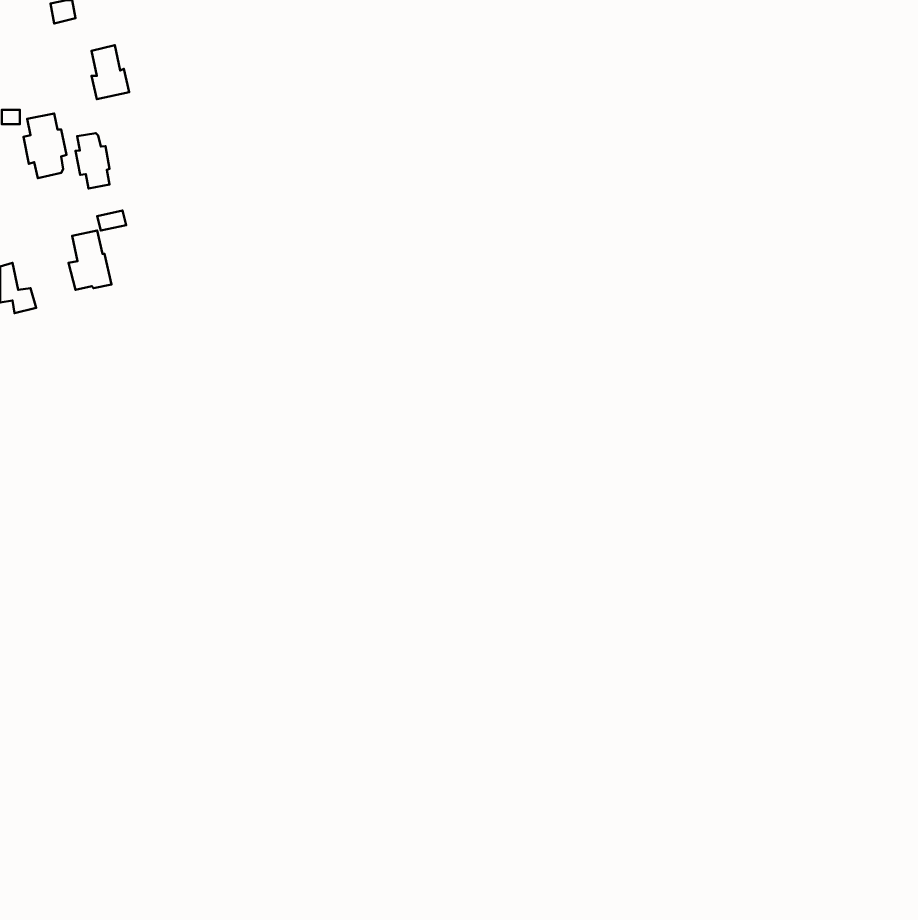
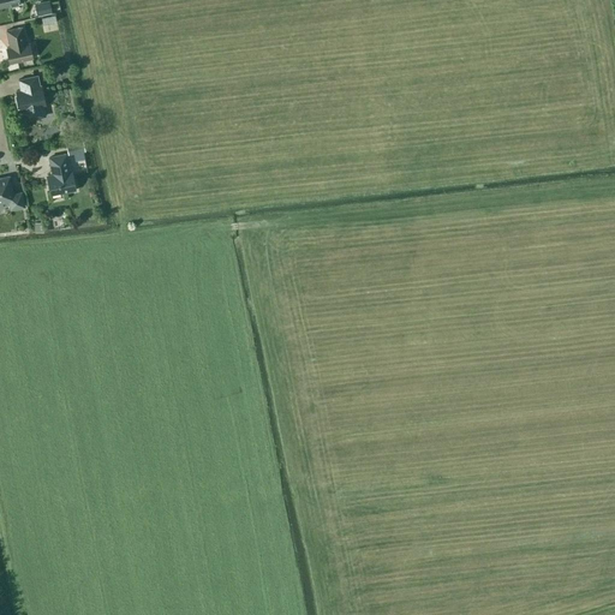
building: [91,45,129,99] -> [7,26,32,62]
building: [75,133,110,189] -> none

